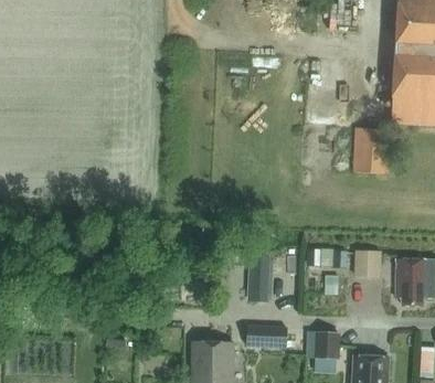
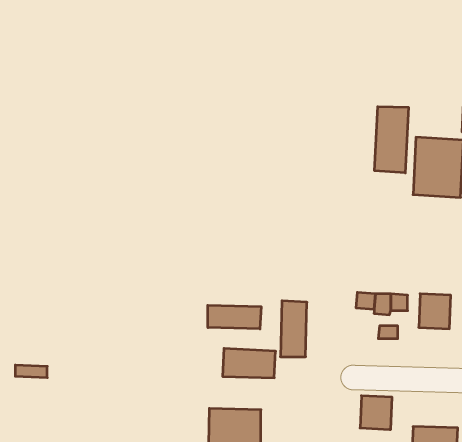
building: none -> [375,107,408,173]
building: none -> [208,305,261,329]
building: [246,325,288,348] -> [223,348,276,378]

